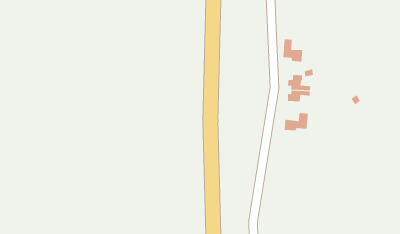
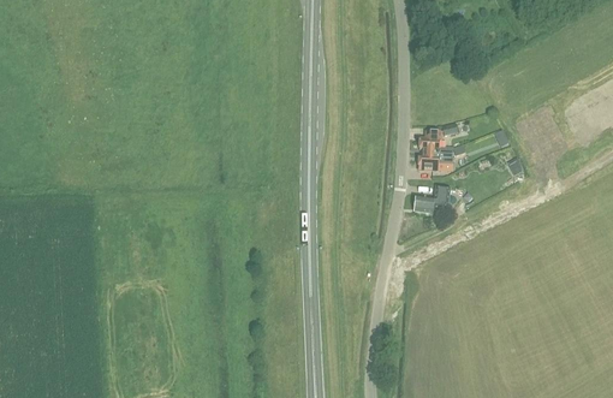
building: [283,39,303,62] -> none

